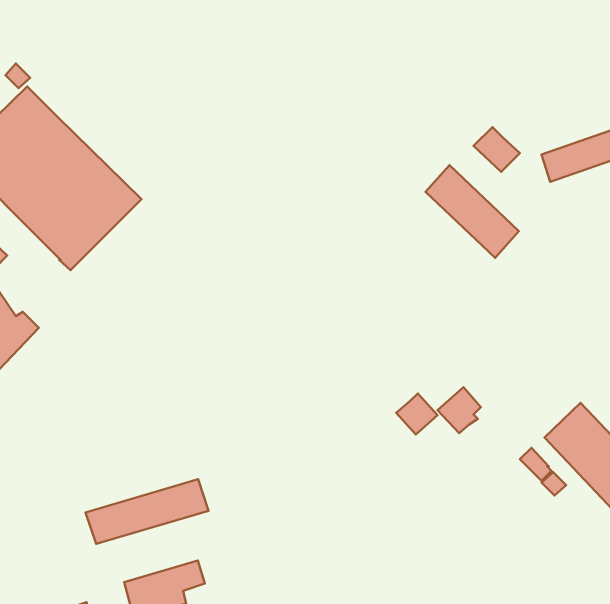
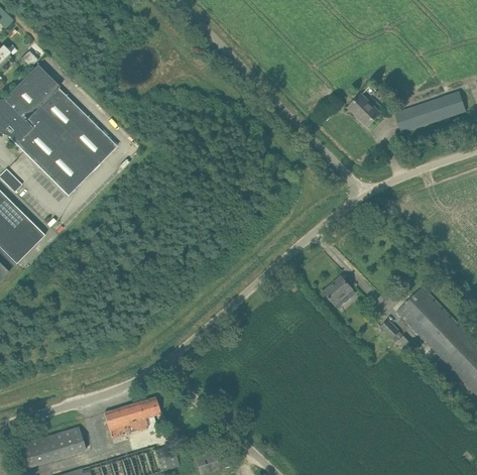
building: [425,165,519,258] -> none
building: [396,394,438,434] -> none
building: [86,479,209,544] -> none

